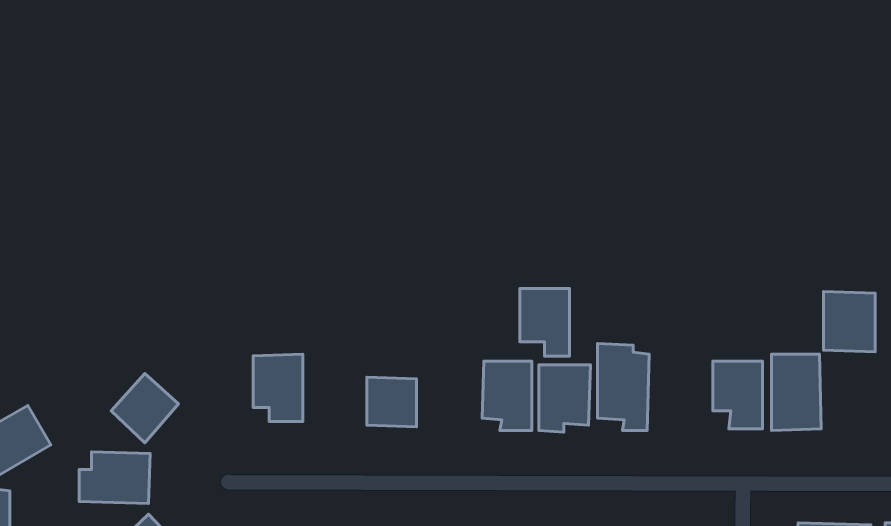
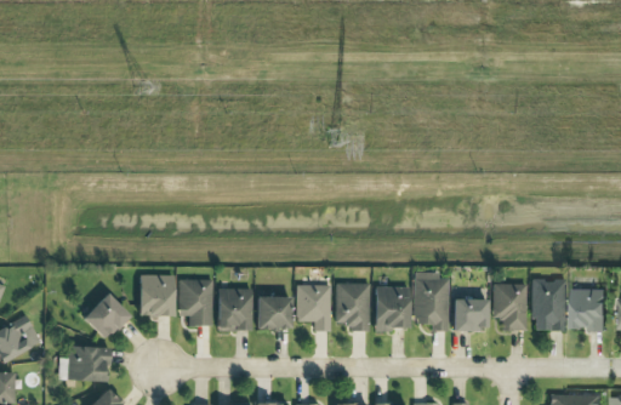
building: [520,289,569,356] -> [297,285,331,331]
building: [824,291,875,352] -> [571,289,606,330]
building: none -> [139,275,175,315]
building: none -> [218,289,252,330]
building: none -> [454,298,488,329]

